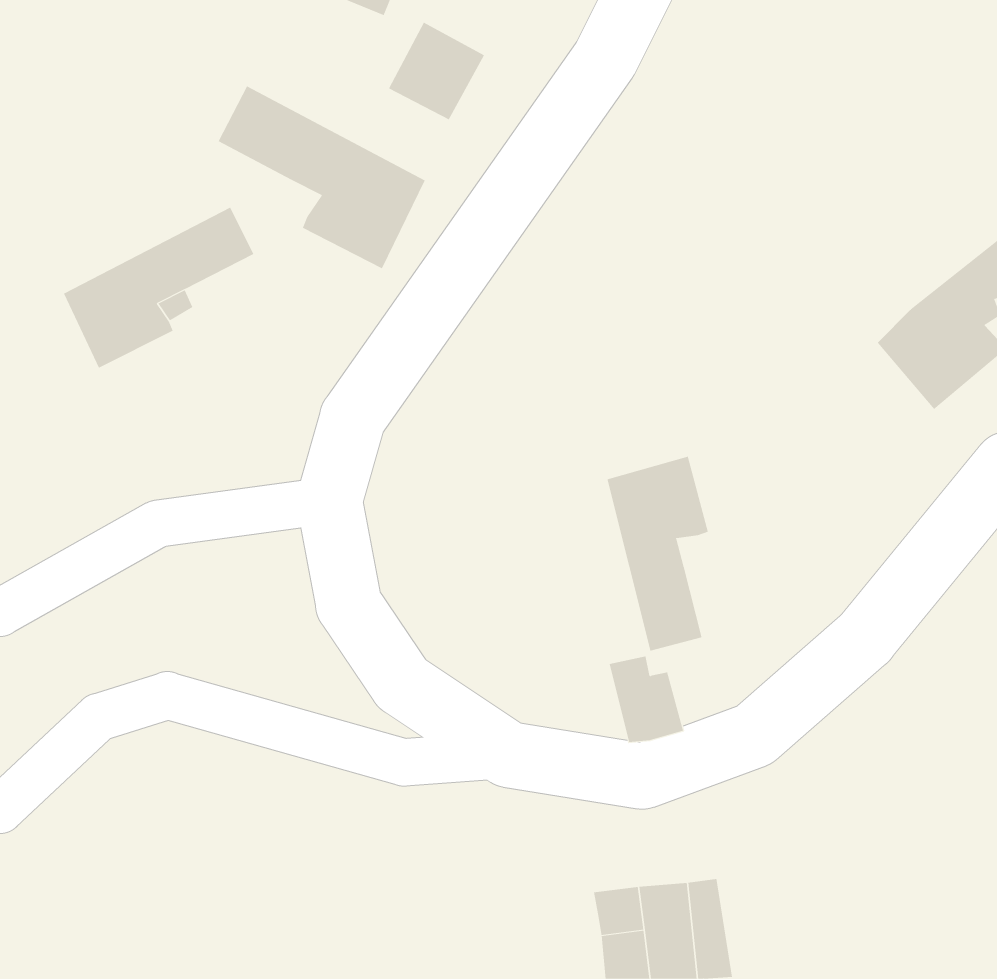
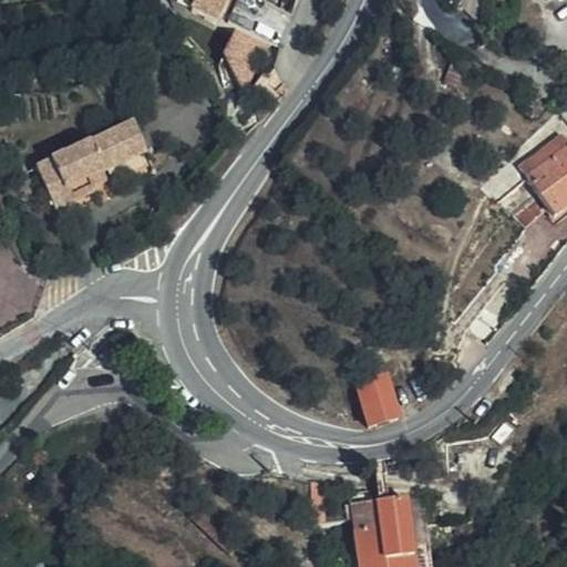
building: [218,85,426,269] -> none
building: [607,456,709,652] -> none

